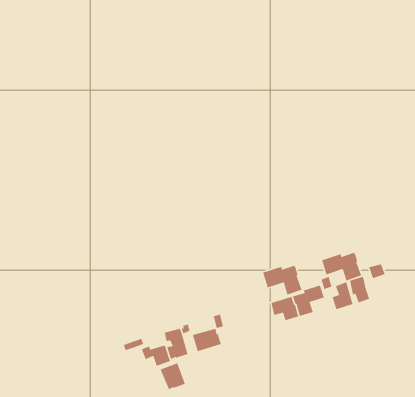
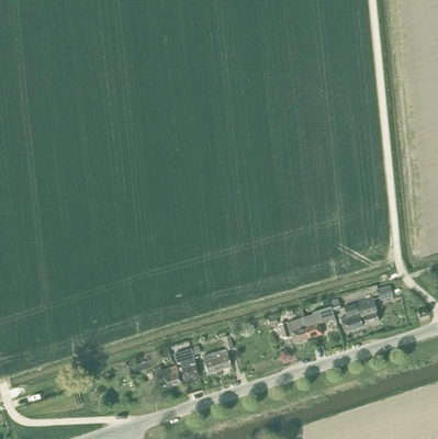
building: [321,252,362,281] -> none
building: [262,265,303,295] -> none
building: [159,362,186,390] -> none

